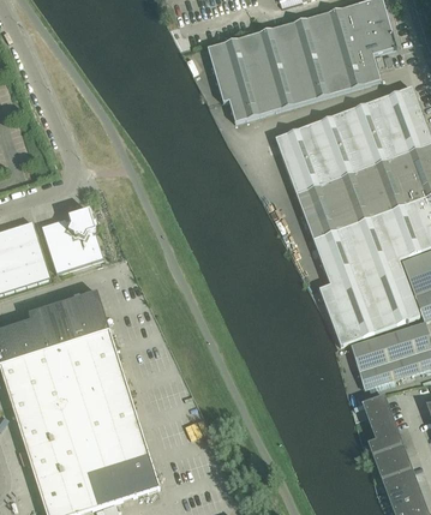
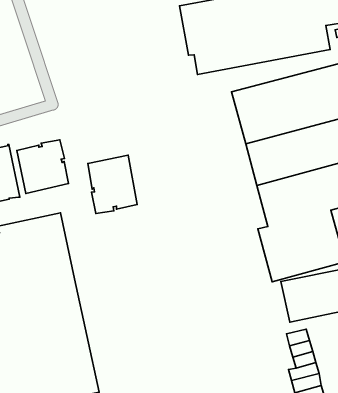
building: none -> [88,155,137,213]

